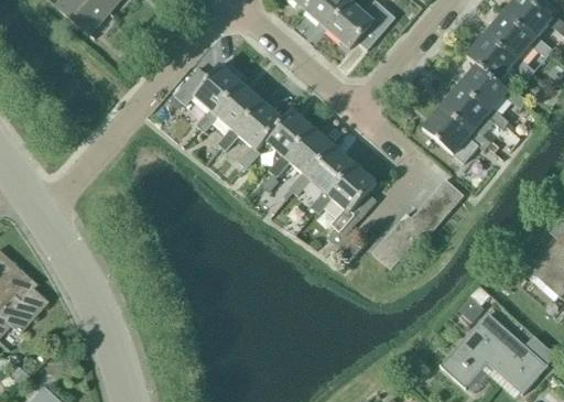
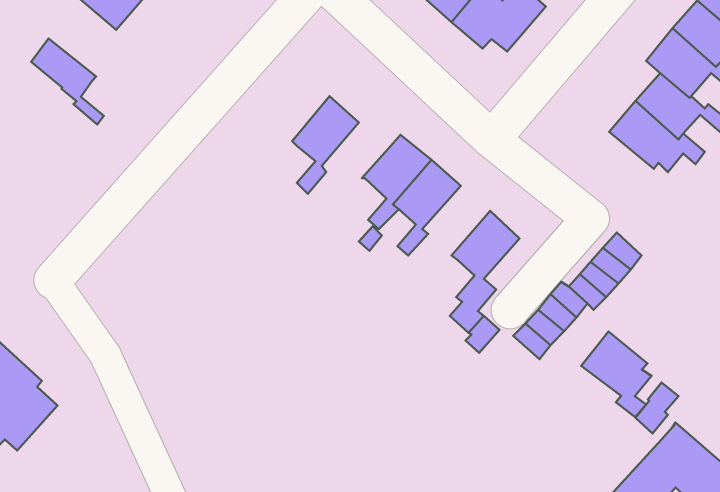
building: none -> [31,39,104,124]
building: [174,64,240,132] -> none
building: [235,100,282,169] -> none
building: [422,107,490,155] -> none
building: [306,145,355,214] -> none
building: none -> [581,332,651,417]

